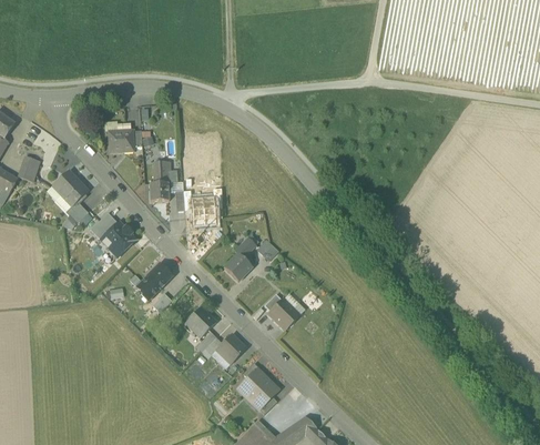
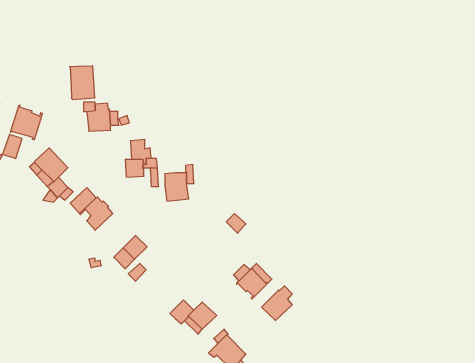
building: none -> [70,66,95,100]
building: none -> [10,105,42,140]
building: [224,237,255,281] -> none
building: [184,306,216,338] -> none
building: none -> [262,286,292,320]

